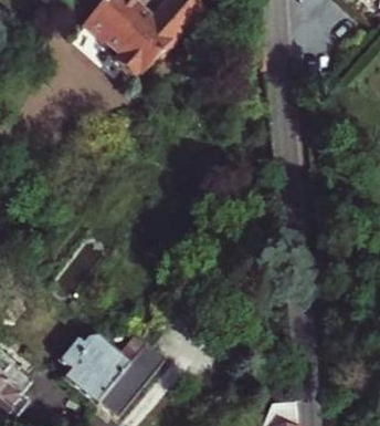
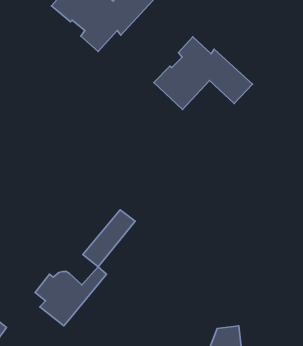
building: none -> [154,37,253,109]
building: [103,337,163,404] -> [83,210,135,267]

